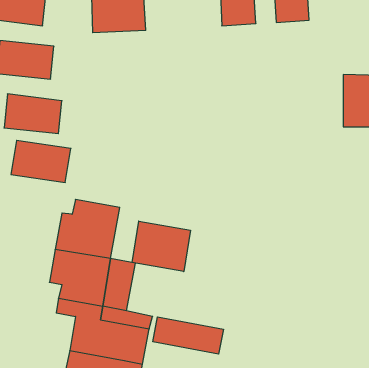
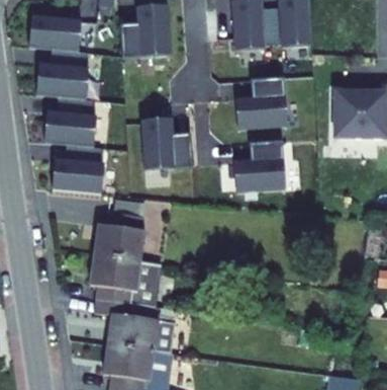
building: none -> [238,78,289,128]
building: none -> [140,116,191,166]
building: none -> [235,142,286,191]
building: [132,221,190,272] -> none
building: [153,317,223,354] -> none

